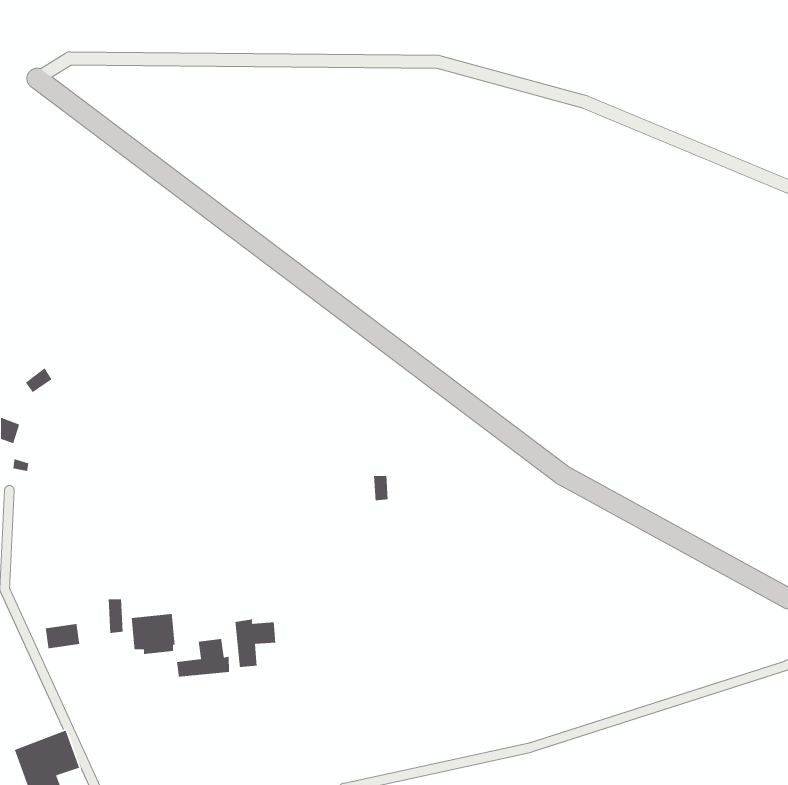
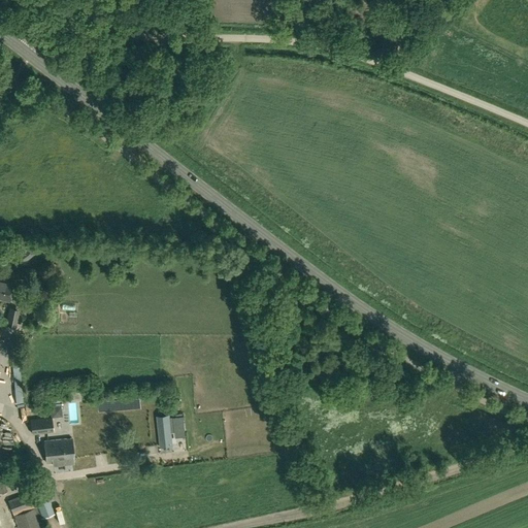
building: [131,613,176,655] -> [44,439,74,467]
building: [176,638,230,678] -> none

